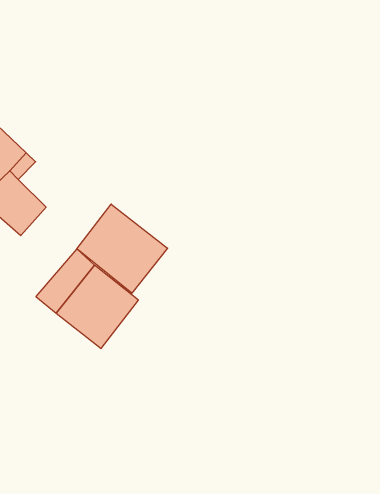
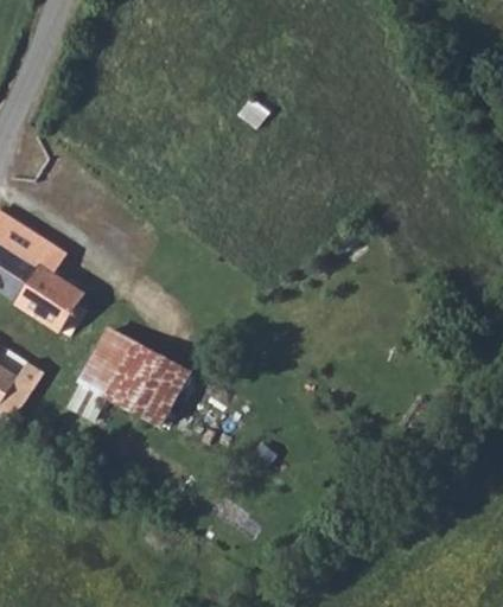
building: [77,204,168,293] -> none

